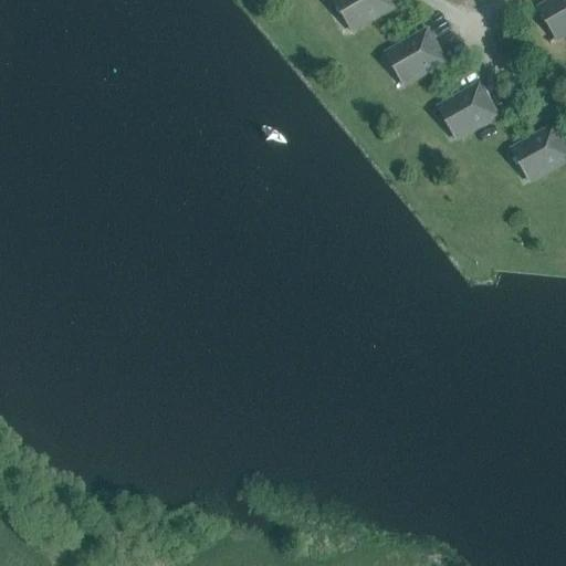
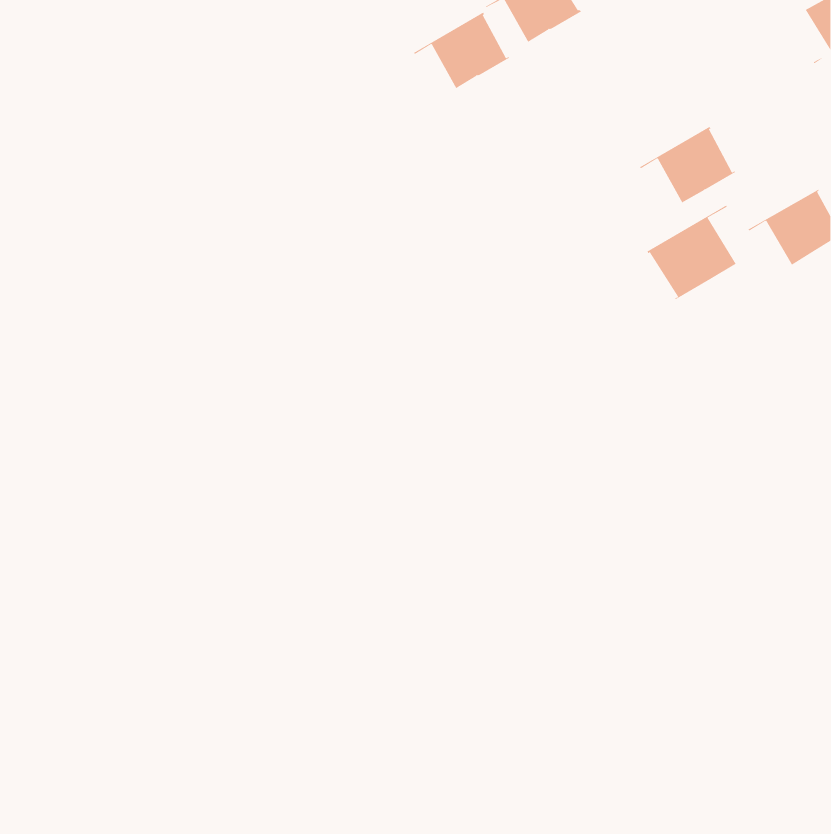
building: [379,31,444,83] -> [413,12,510,89]
building: none -> [647,205,737,300]

